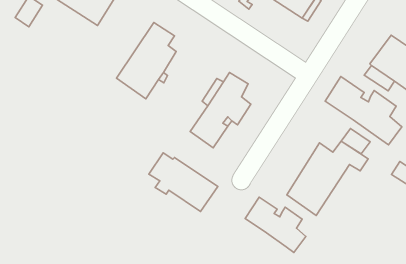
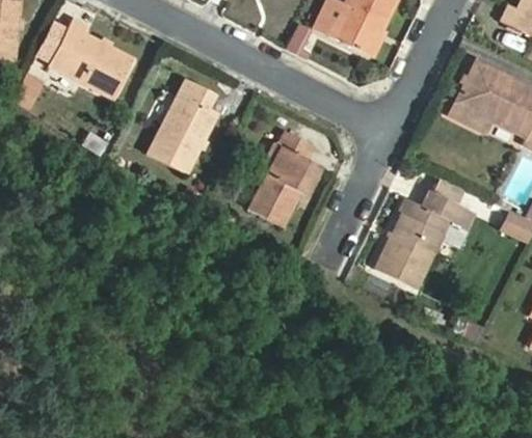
building: [325,77,402,145] -> none
building: [149,153,218,211] -> none
building: [245,197,306,252] -> none

